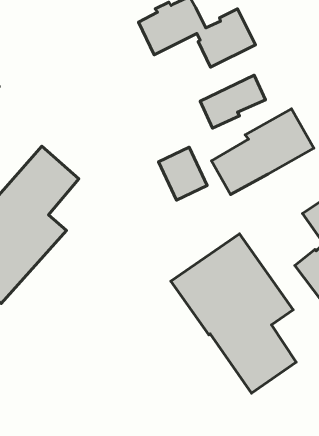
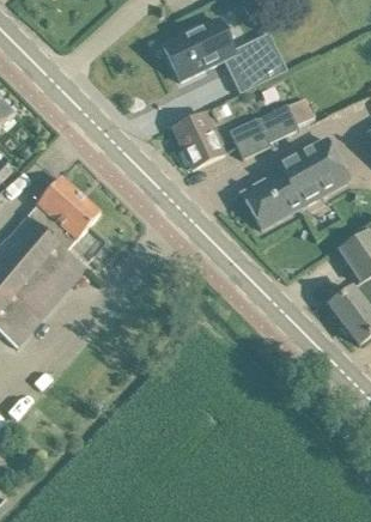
building: [159,147,207,200] -> [172,113,224,169]
building: [171,234,296,393] -> none

